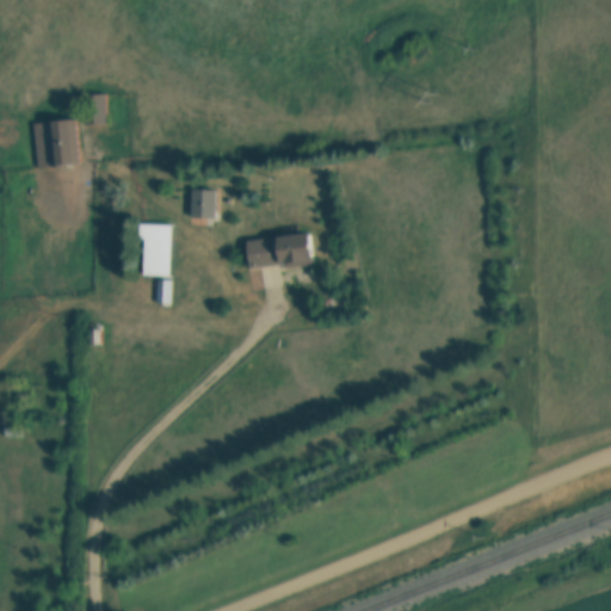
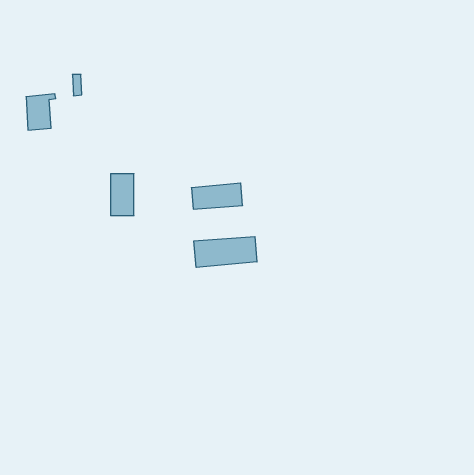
building: [191,190,215,218] -> none
building: none -> [194,237,257,267]

